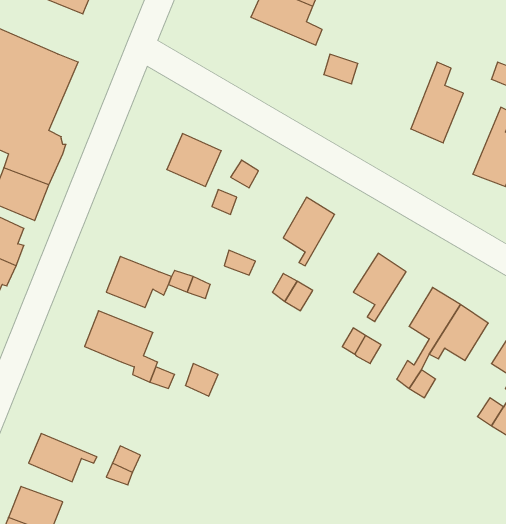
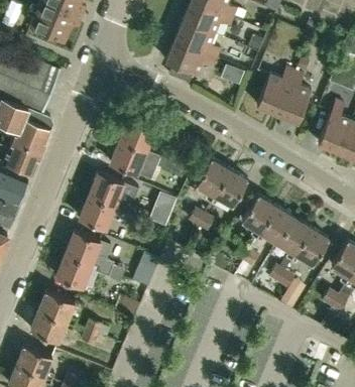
building: none -> [165,41,216,75]
building: none -> [256,67,294,114]
building: none -> [110,140,144,174]
building: none -> [209,169,247,207]
building: none -> [89,173,124,207]
building: none -> [254,207,291,242]
building: none -> [56,255,90,288]
building: none -> [37,291,76,327]

